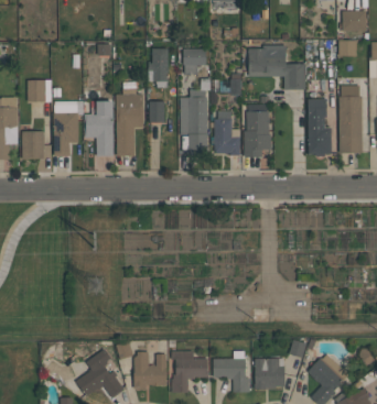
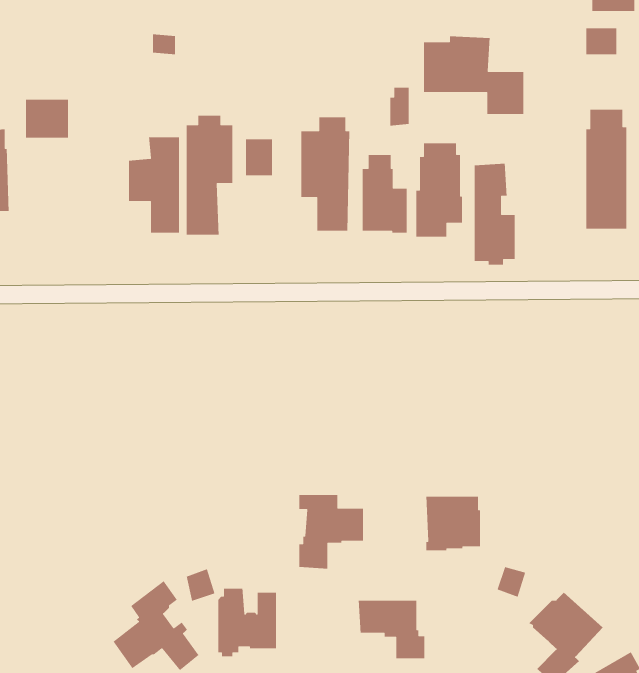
building: [149,47,169,87] -> none
building: [183,47,206,74] -> none
building: [309,98,332,155] -> [474,163,516,266]
building: [54,100,79,155] -> none
building: [22,131,45,159] -> none
building: [172,350,208,392] -> [299,494,364,569]
building: [255,358,286,389] -> [426,496,481,551]

